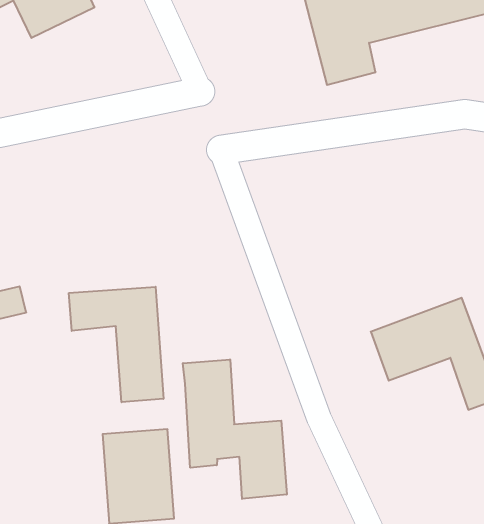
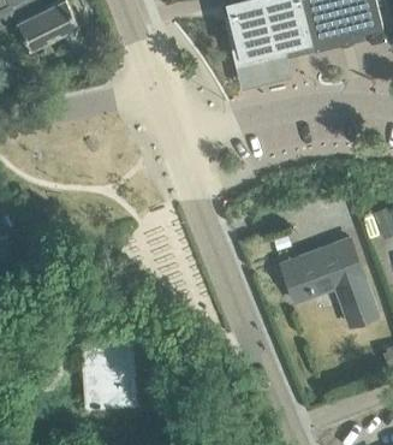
building: [69,287,163,402] -> none
building: [183,359,287,499] -> none

